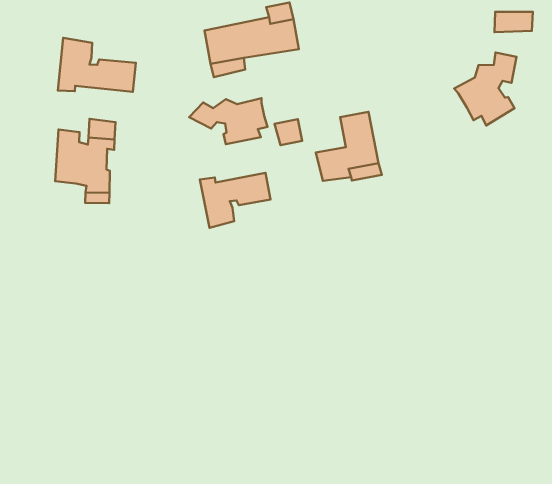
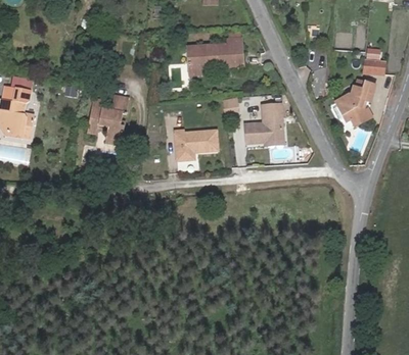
building: [58,38,136,92] -> none
building: [189,98,267,144] -> none

